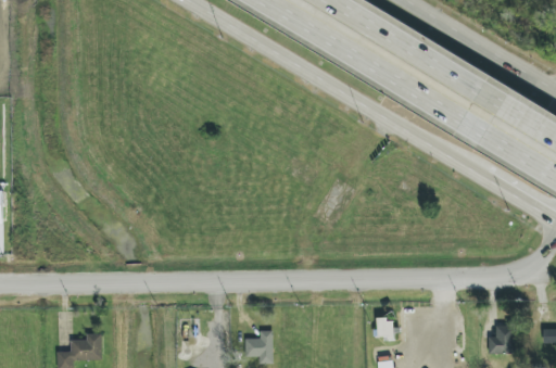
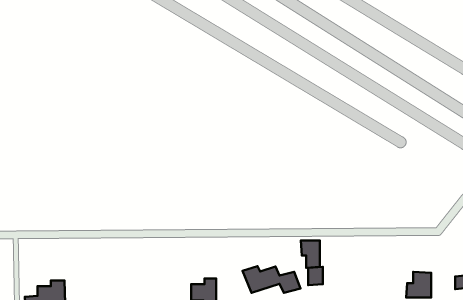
building: none -> [301,241,320,268]
building: none -> [242,266,301,293]

